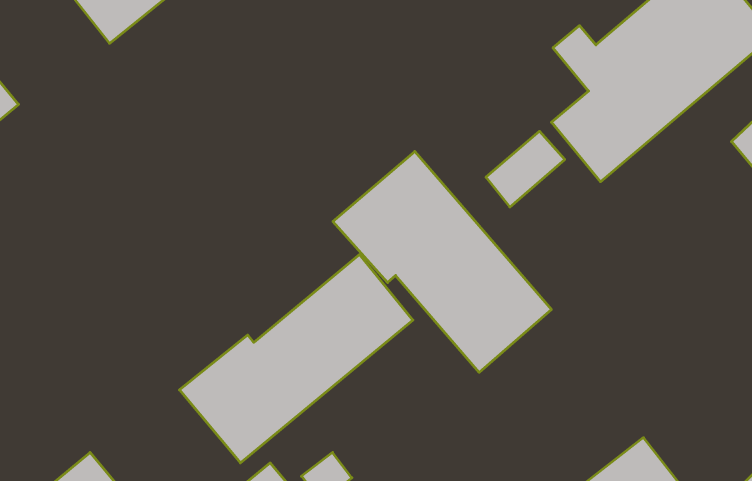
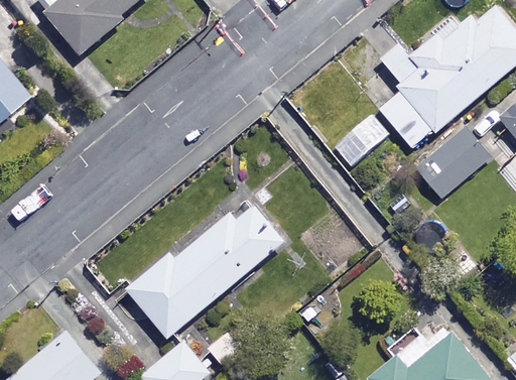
building: [333,151,551,372] -> none
building: none -> [418,128,489,197]

